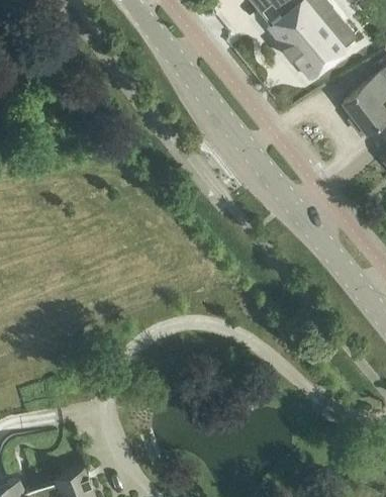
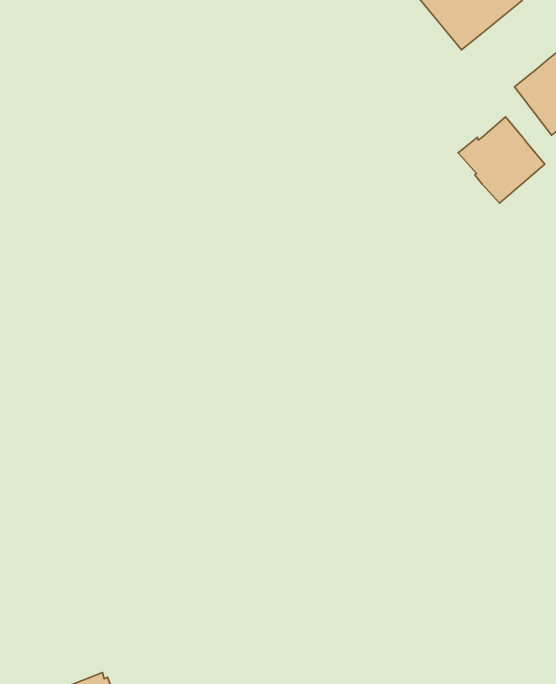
building: none -> [458,117,545,203]

